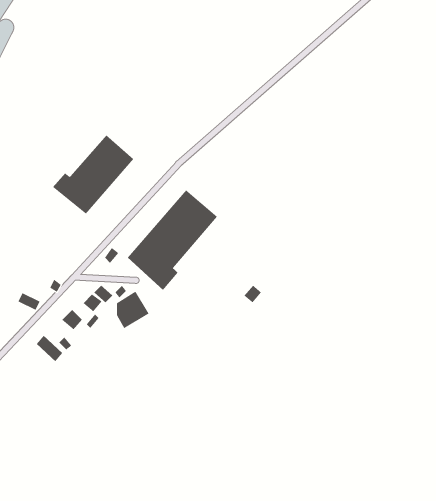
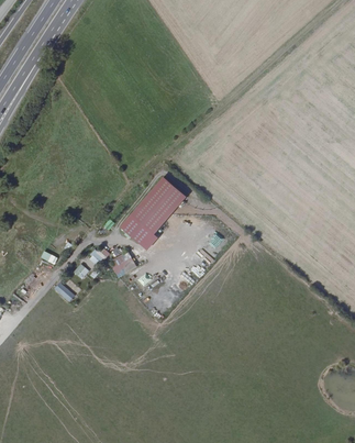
building: [52,134,134,214] -> none

